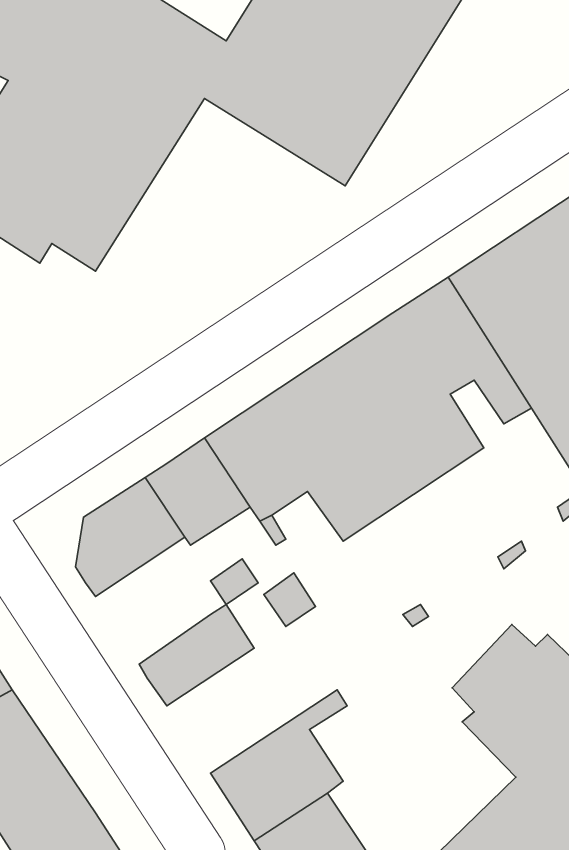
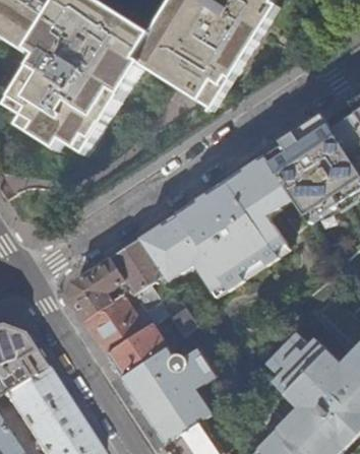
building: none -> [83,287,142,352]
building: none -> [120,344,207,408]

